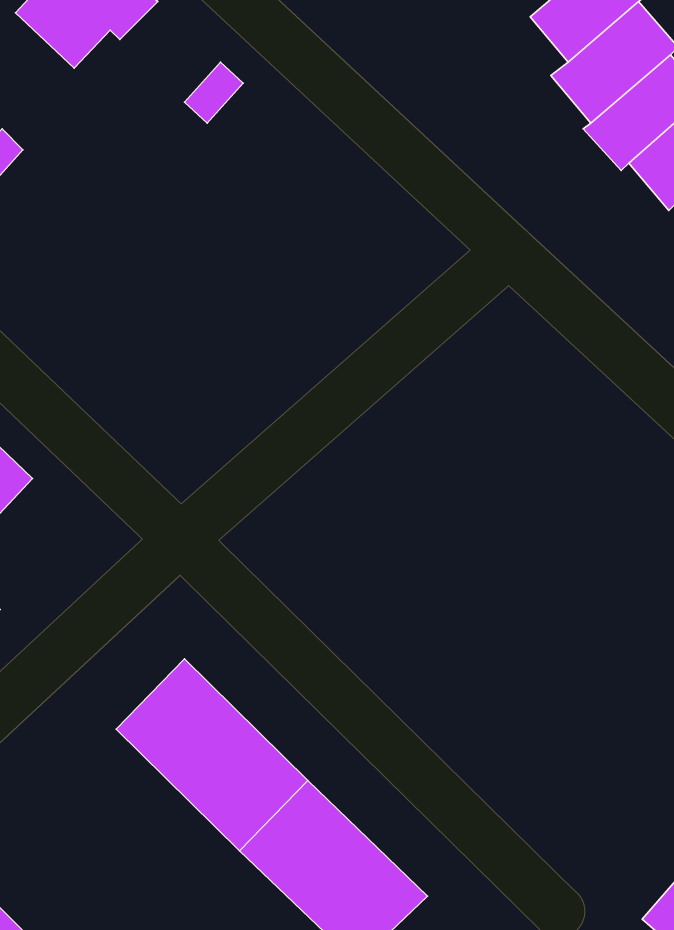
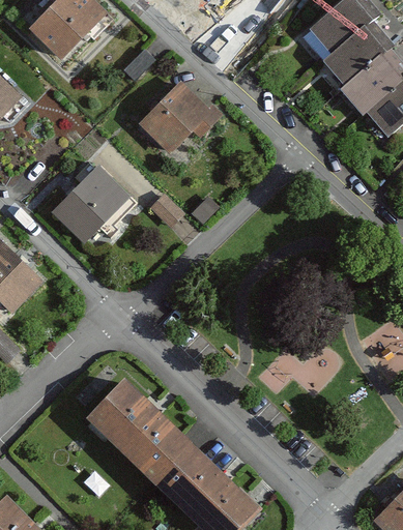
building: none -> [139,81,222,151]
building: none -> [52,166,139,241]

